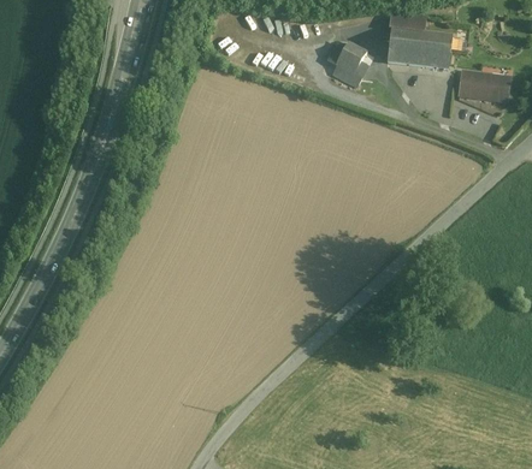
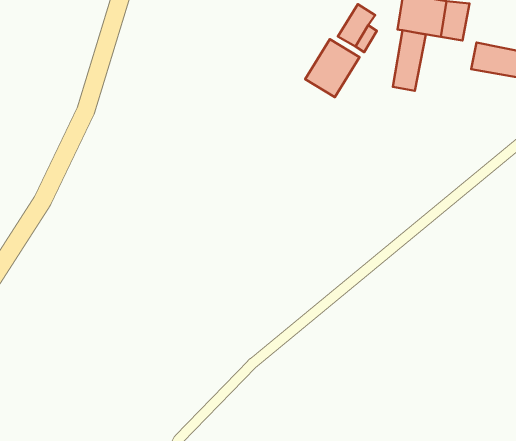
building: none -> [393,30,426,91]
building: none -> [305,39,360,97]

